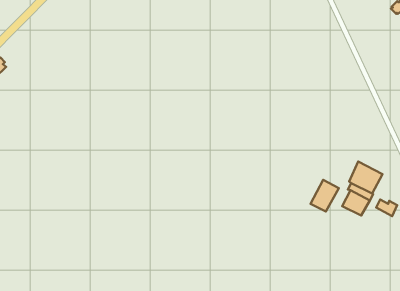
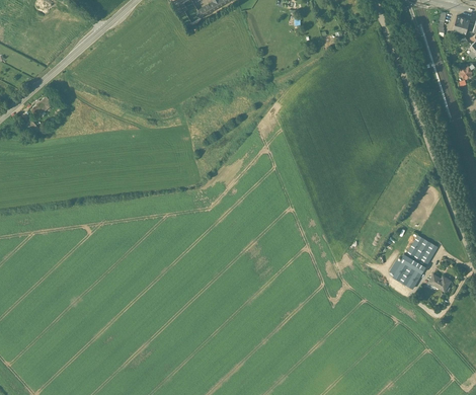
building: [310,180,339,211] -> none

